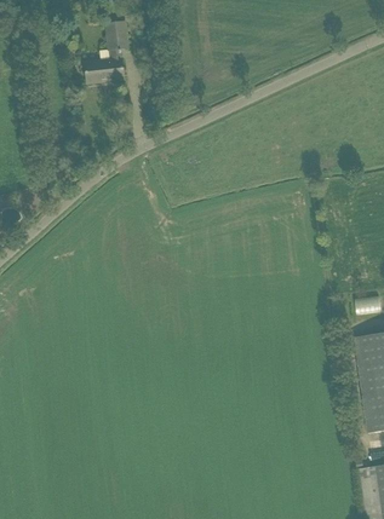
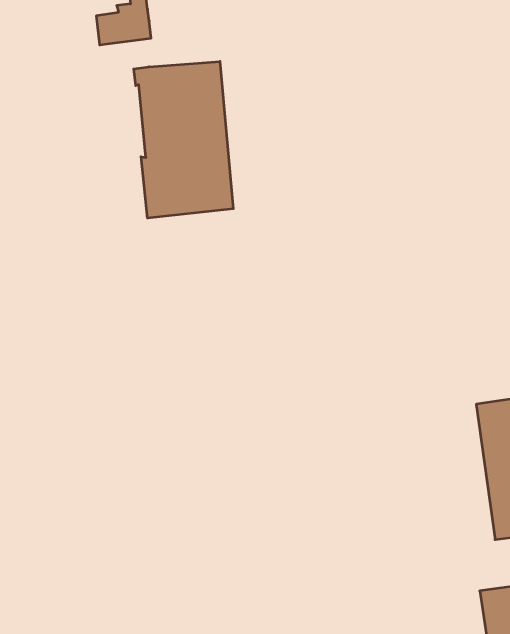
building: none -> [134,61,233,218]

